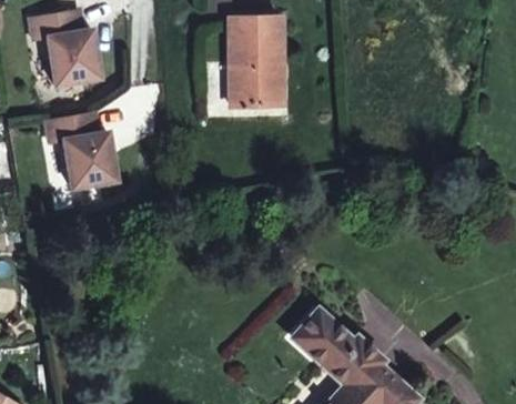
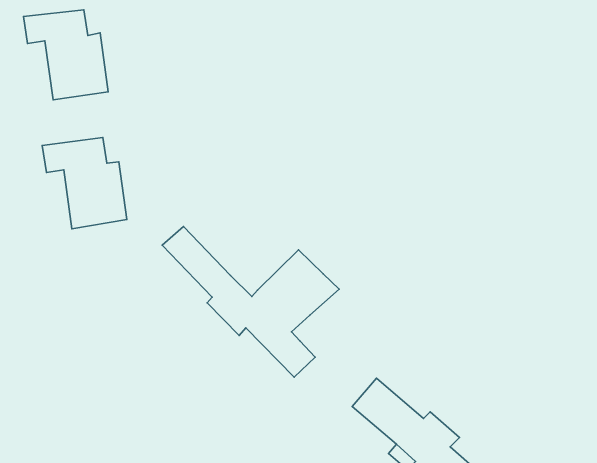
building: [234,17,290,104] -> none
building: none -> [162,226,339,377]

